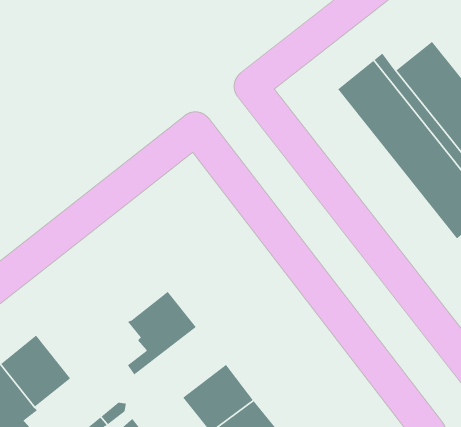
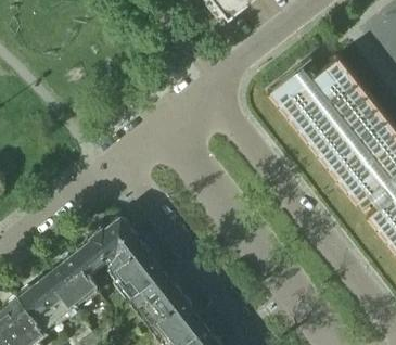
building: none -> [76,218,142,268]
building: none -> [44,253,97,307]
building: none -> [131,269,186,321]

